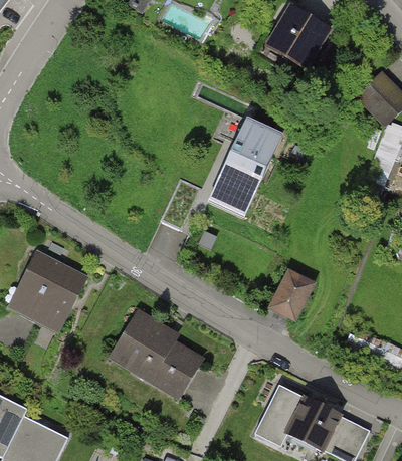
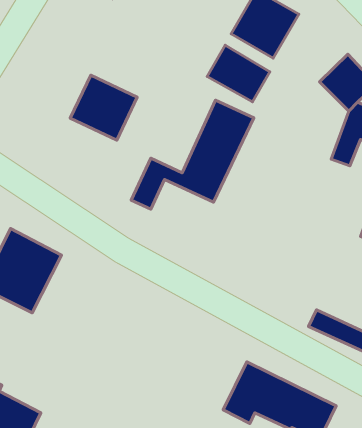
building: none -> [207,45,270,102]
building: none -> [70,75,137,140]
building: [268,267,317,323] -> none
building: [108,305,207,401] -> none

